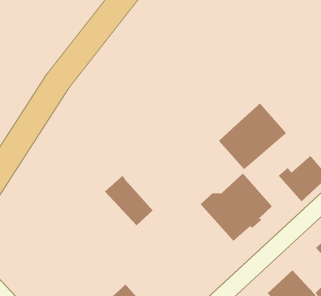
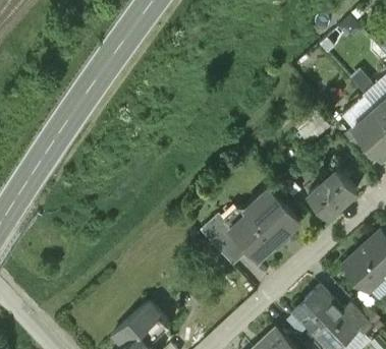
building: [218,103,287,170] -> none
building: [104,175,153,226] -> [200,214,251,267]

